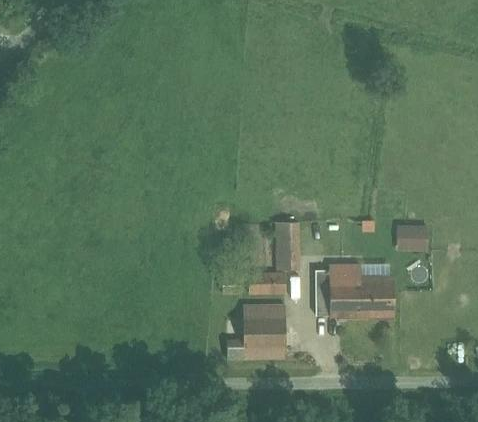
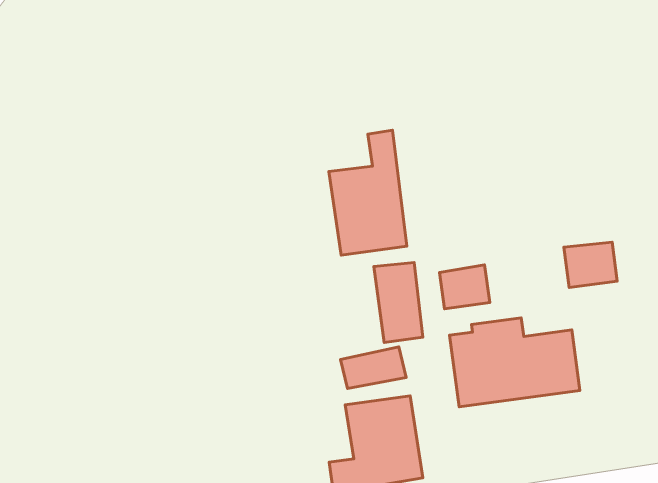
building: none -> [329,130,407,255]
building: none -> [440,265,490,309]

